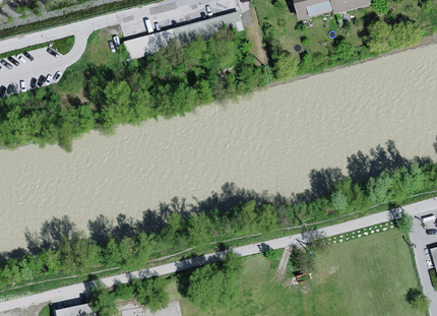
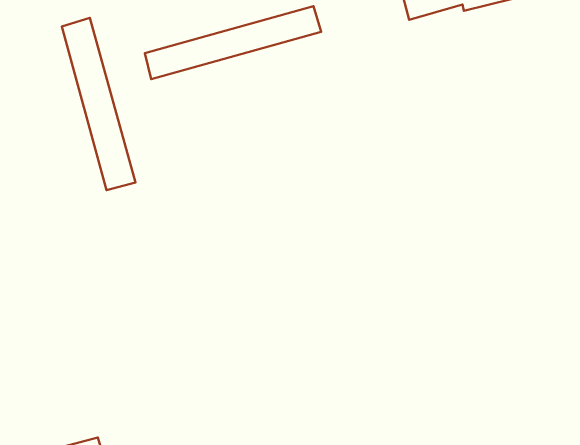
building: none -> [62,18,136,190]

